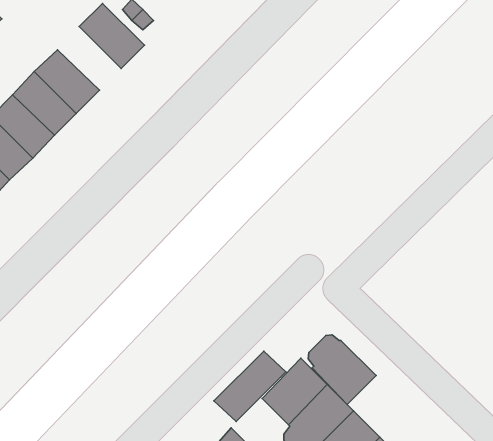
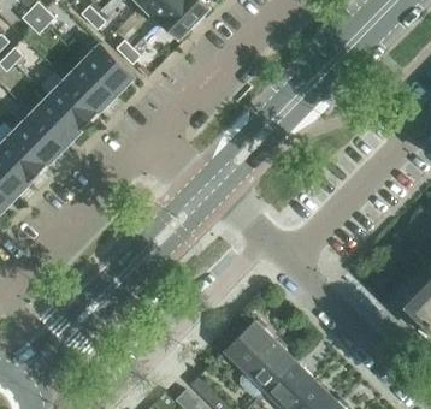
building: none -> [65,61,114,111]
building: [308,335,376,404] -> none
building: [214,351,286,422] -> none

